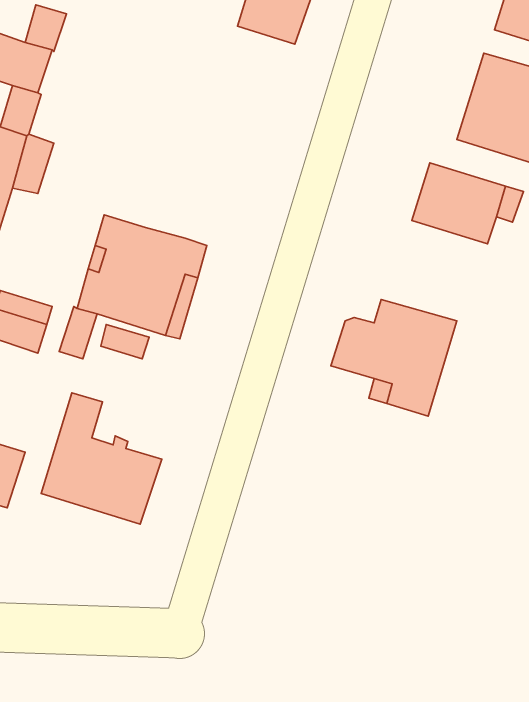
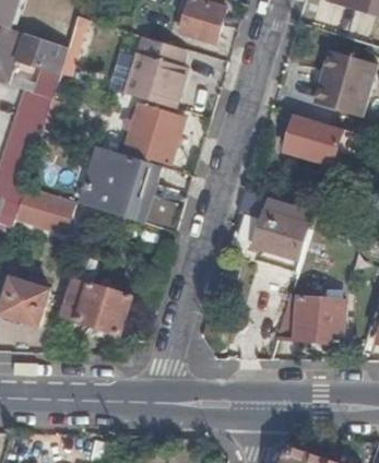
building: none -> [125,35,183,107]
building: none -> [122,103,182,164]
building: none -> [274,296,341,341]

